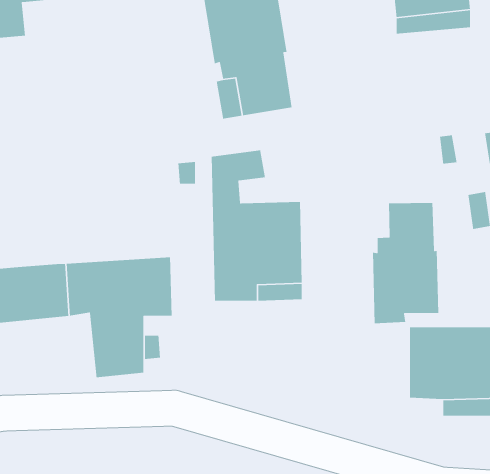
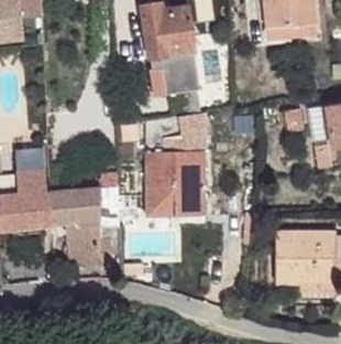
building: none -> [13,147,45,193]
building: [372,202,439,324] -> none

